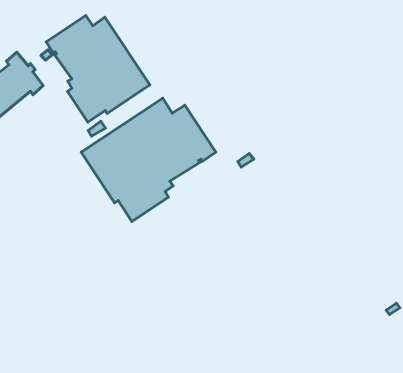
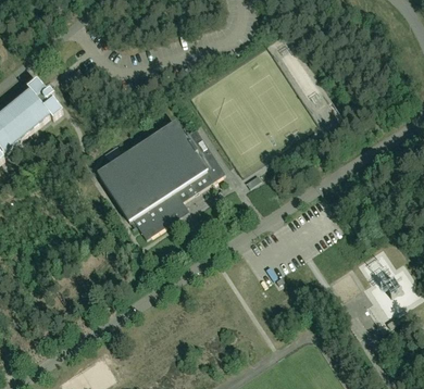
building: [46,15,150,122] -> none

